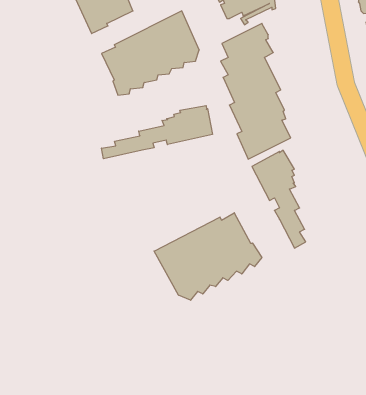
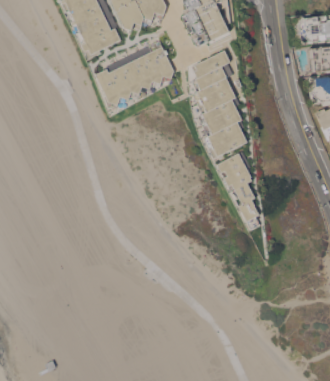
building: [102,106,212,159] -> none
building: [154,213,262,300] -> none

